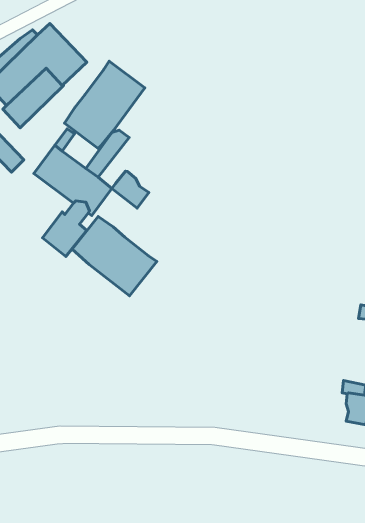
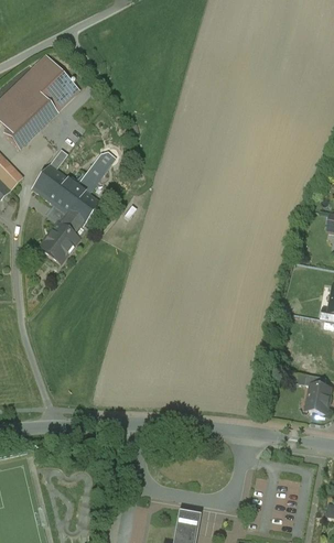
building: [64,61,145,149] -> none
building: [112,171,149,208] -> none
building: [72,217,157,296] -> none

